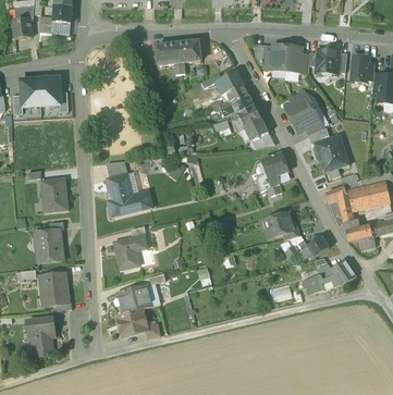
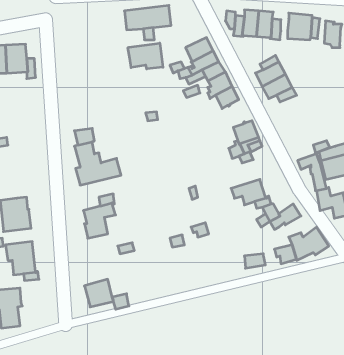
building: none -> [128,43,163,69]
building: [315,134,348,170] -> none
building: [41,177,67,211] -> none
building: [118,283,152,312] -> none

